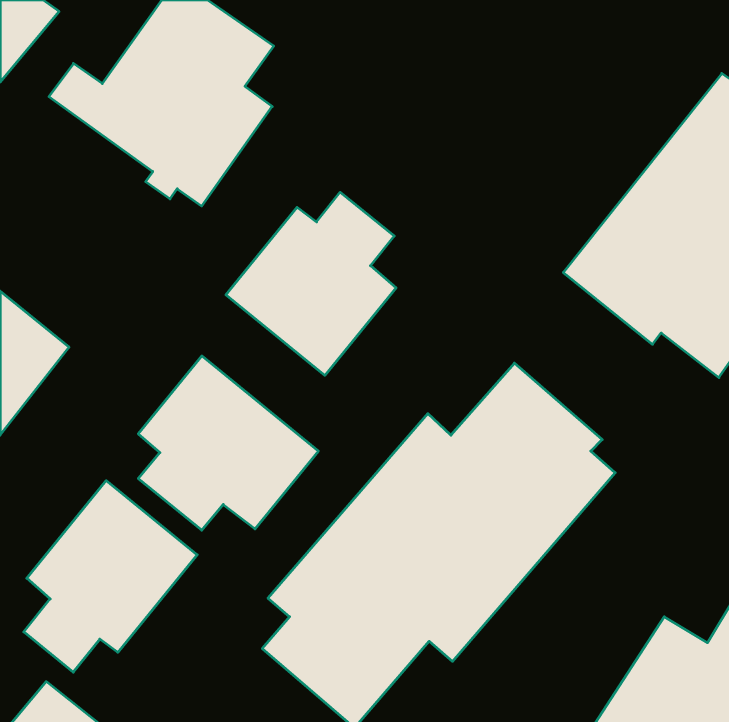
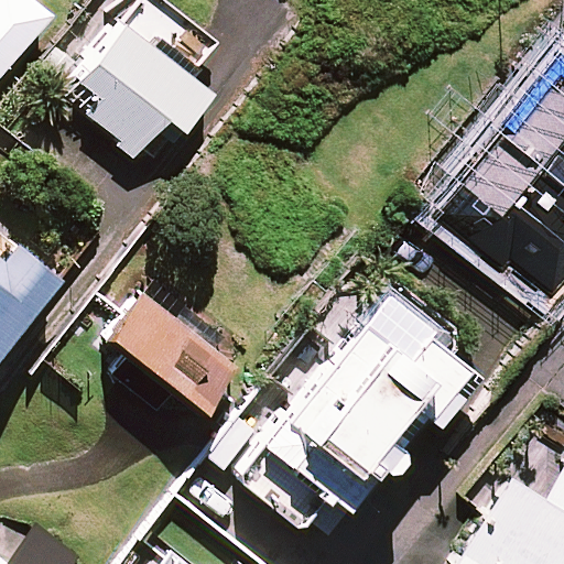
building: [226,192,396,375] -> none
building: [24,481,197,672] -> none

